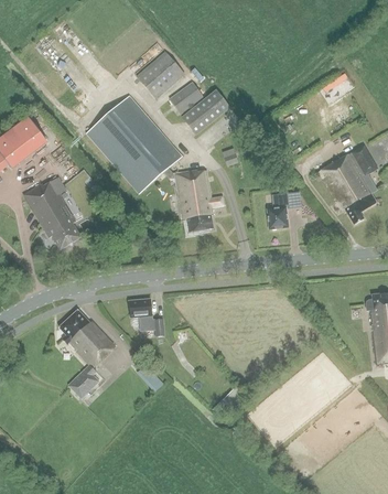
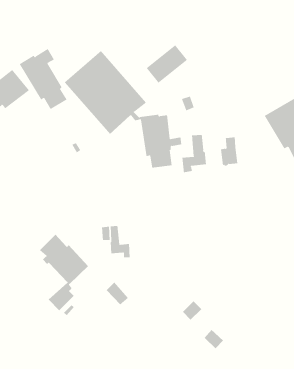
building: [136,51,184,97] -> none
building: [170,82,203,112] -> none
building: [24,175,80,247] -> [19,48,67,110]
building: none -> [182,134,206,173]

